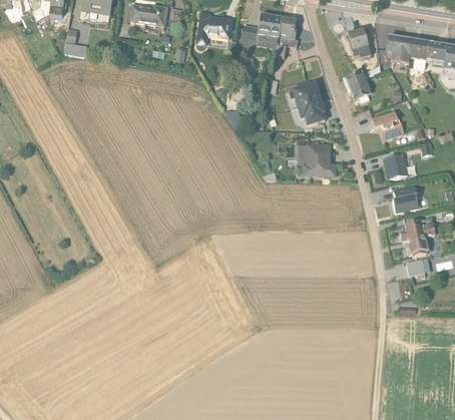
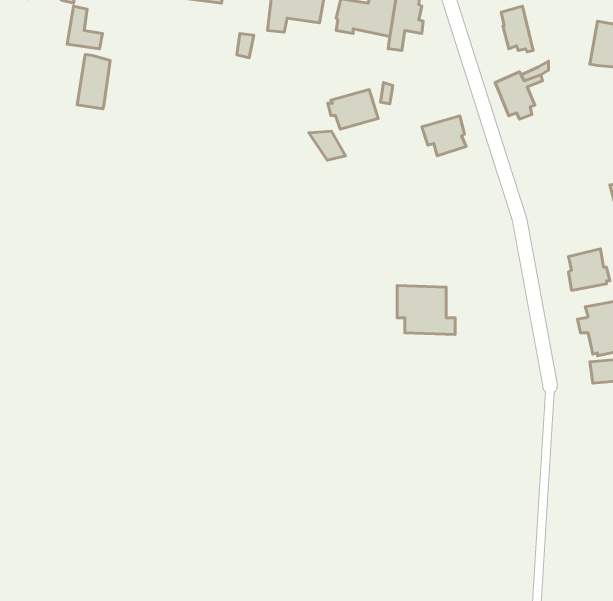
building: [385,33,412,62] -> none
building: none -> [77,55,110,109]
building: [289,80,322,106] -> [328,89,378,129]
building: [371,110,404,139] -> none
building: [297,144,335,176] -> [397,286,455,334]
building: [383,154,408,180] -> none

